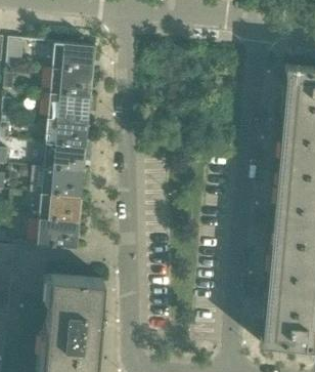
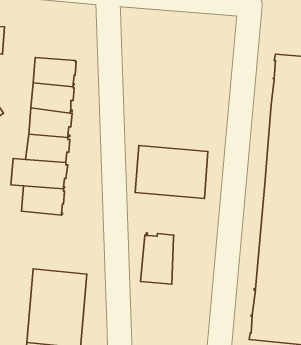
building: [53,43,96,73] -> none
building: none -> [135,145,208,198]
building: [37,219,80,249] -> none
building: none -> [141,233,174,284]

